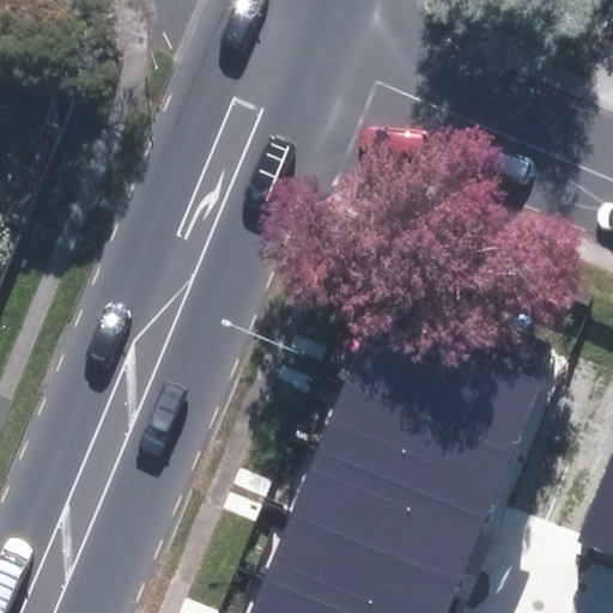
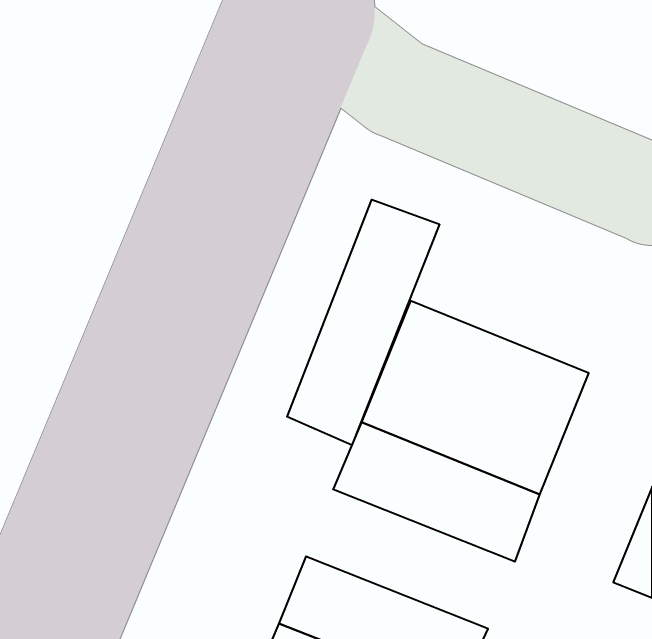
building: none -> [287,200,439,445]
building: [284,473,478,602] -> none

